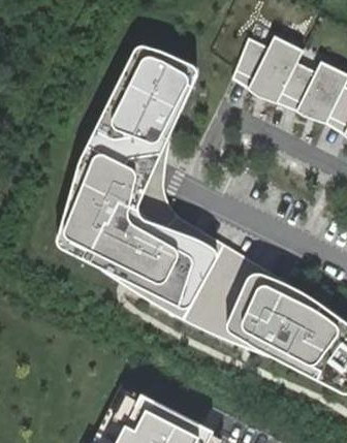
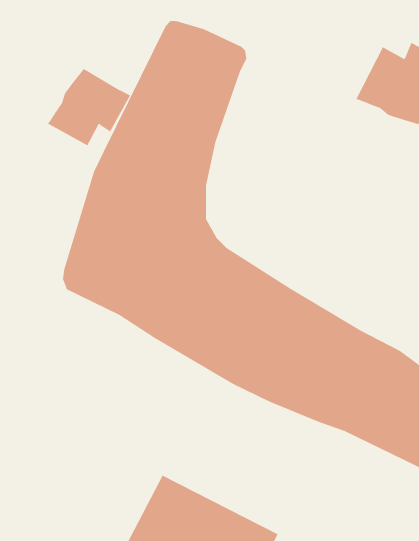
building: [232,35,306,104] -> none
building: none -> [47,68,131,146]

